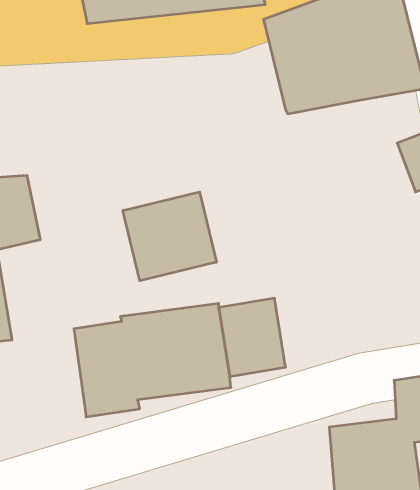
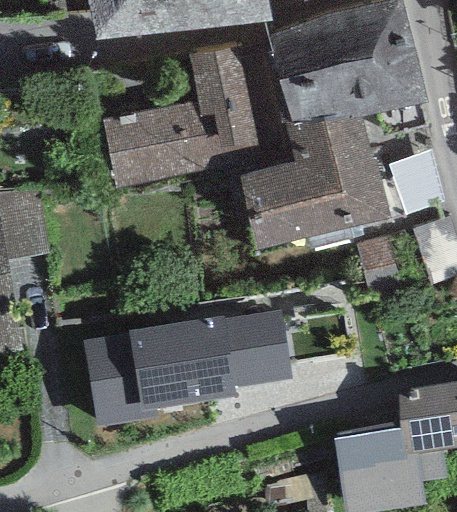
building: none -> [102,44,262,188]
building: none -> [239,115,393,252]
building: [123,192,216,281] -> none

